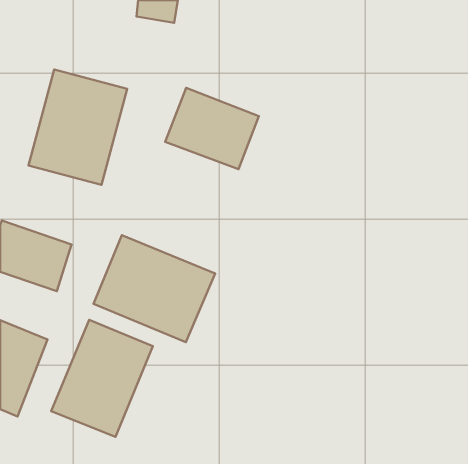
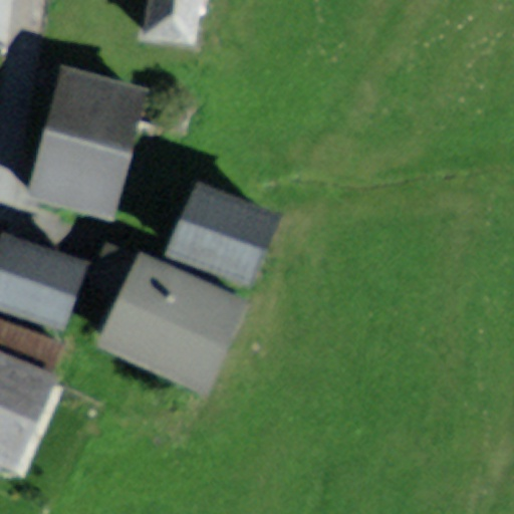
building: [165,88,259,169] -> [170,191,272,280]
building: [51,320,153,437] -> none

